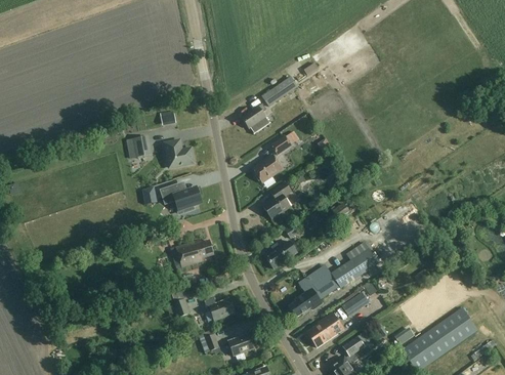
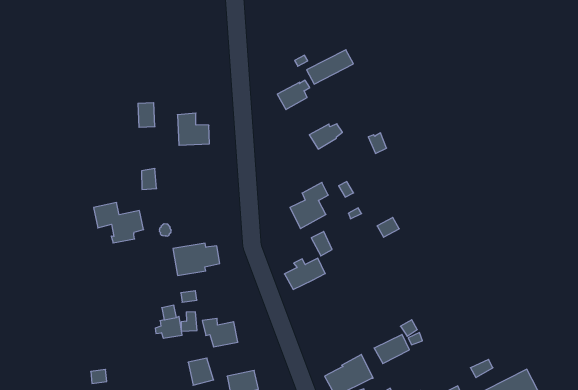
building: [252,154,283,182] -> none
building: [160,183,201,215] -> [94,203,144,243]
building: [288,241,378,317] -> none

